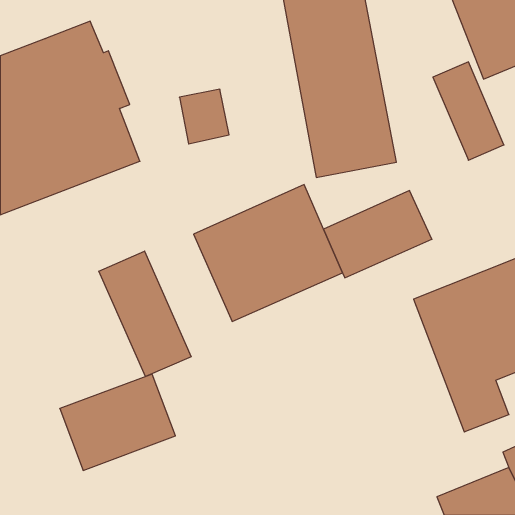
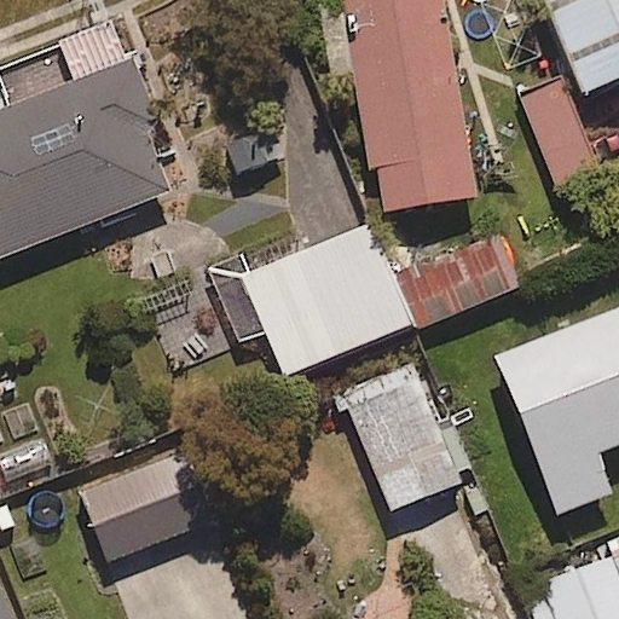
building: [99,251,191,377] -> none
building: none -> [335,363,461,514]

